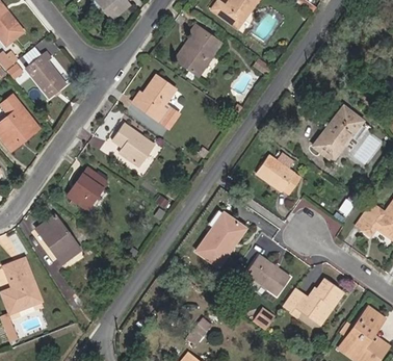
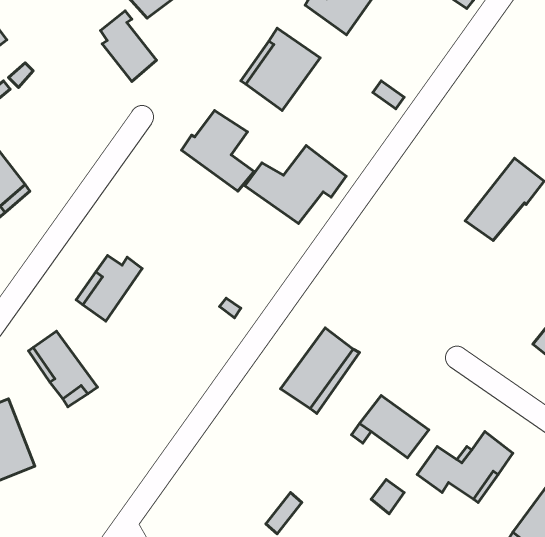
building: [30,52,66,97] -> [101,11,157,82]
building: none -> [245,146,346,223]
building: [112,124,153,165] -> none
building: [256,156,299,194] -> none

